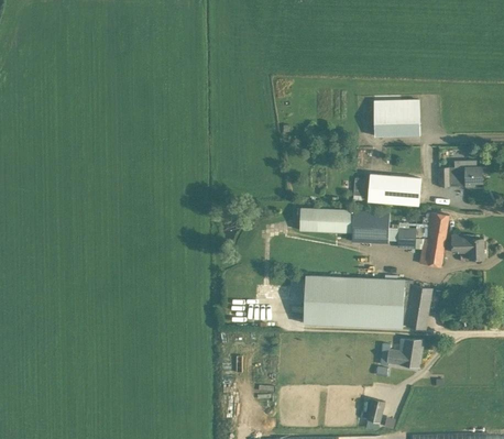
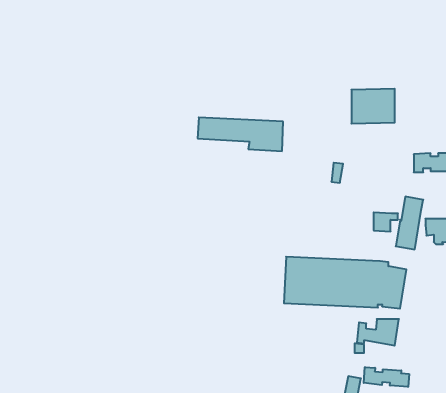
building: [369,167,420,198] -> none
building: [299,208,388,243] -> [198,117,283,151]
building: none -> [364,367,409,387]

